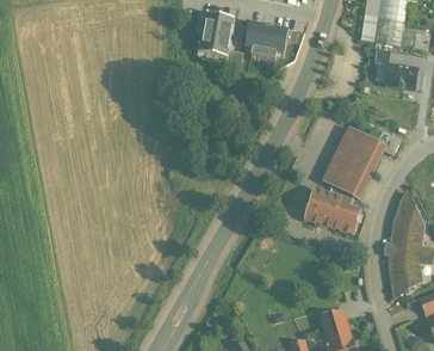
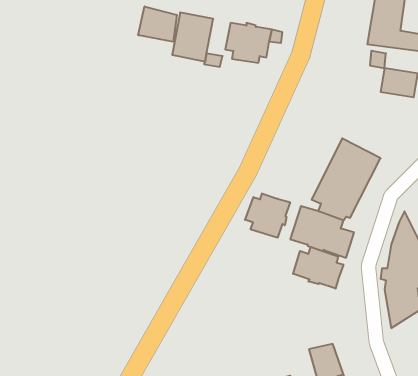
building: none -> [138,6,177,42]
building: none -> [245,193,290,238]
building: none -> [293,247,343,289]

